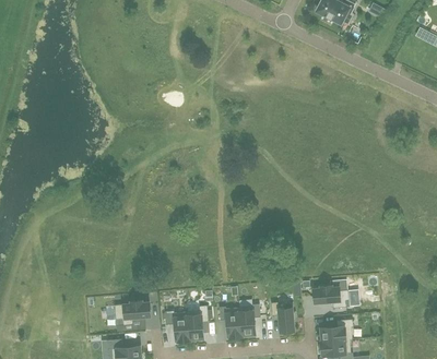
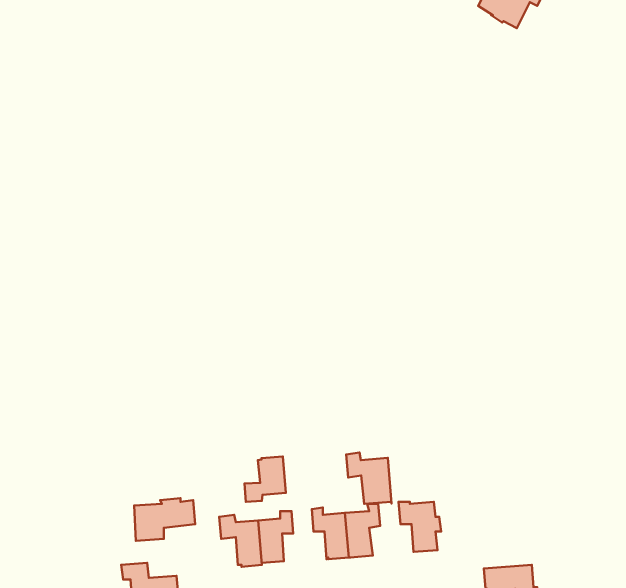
building: none -> [346,453,392,504]
building: none -> [244,456,286,502]
building: [314,285,349,308] -> none
building: [321,319,353,342] -> none

